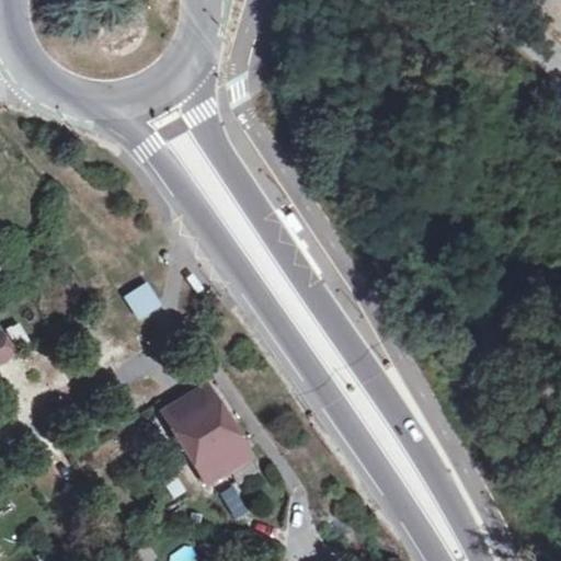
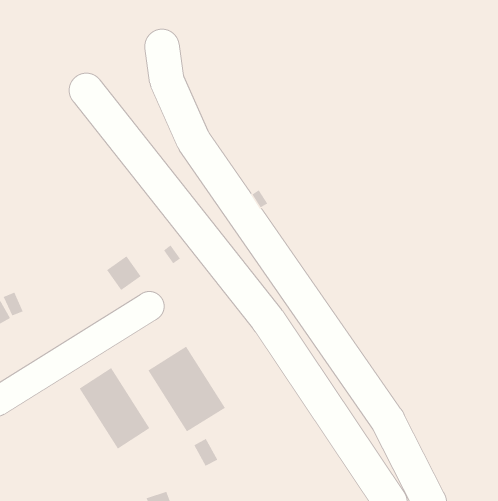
building: none -> [79,367,150,449]

